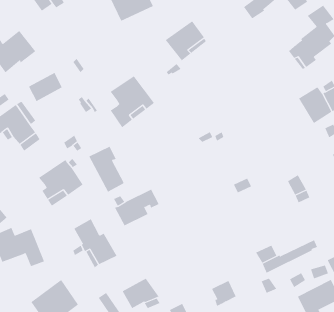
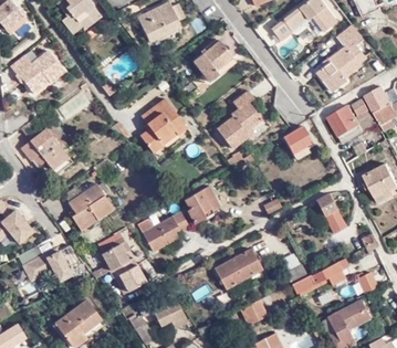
building: none -> [218,88,262,147]
building: none -> [284,126,312,160]
building: [88,146,124,192] -> none
building: none -> [185,183,220,221]
building: none -> [213,247,260,286]

